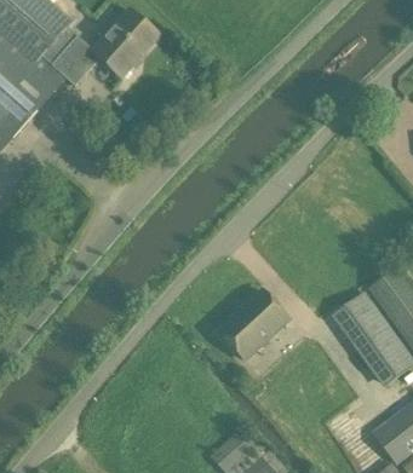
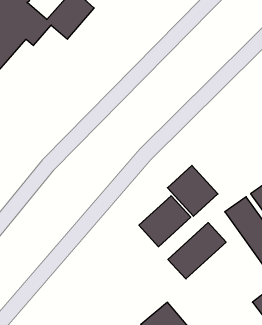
building: none -> [167,165,218,216]
building: none -> [168,223,226,279]

